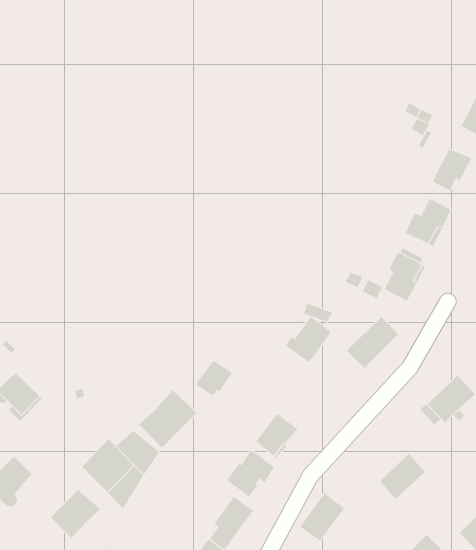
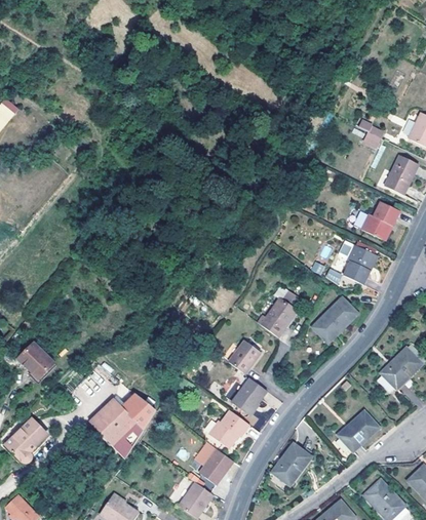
building: [195,360,233,397] -> [230,342,262,372]
building: [137,389,197,448] -> none
building: [50,489,101,539] -> none

